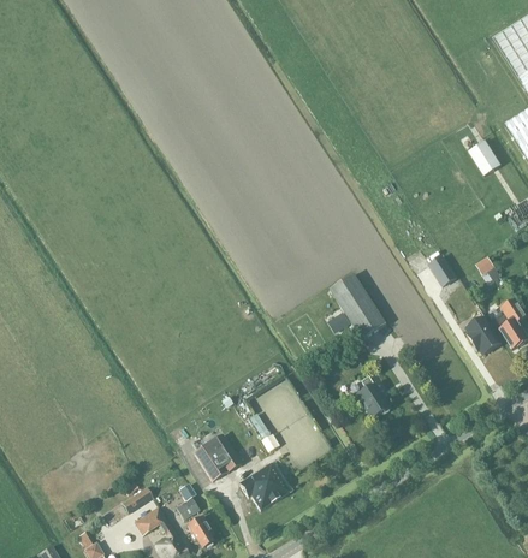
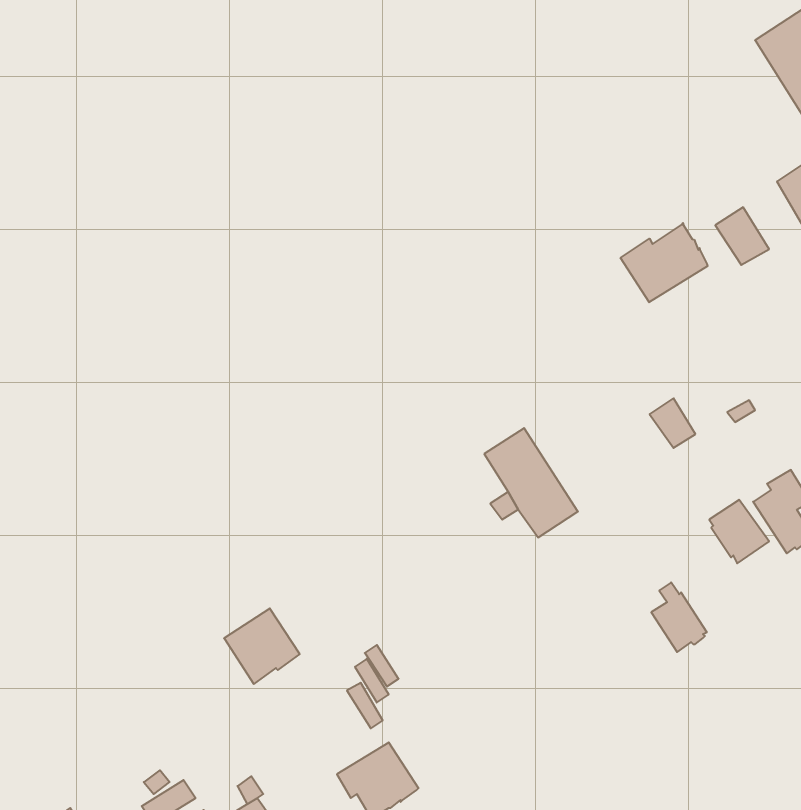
building: none -> [621,223,708,302]
building: [356,376,390,419] -> [651,582,707,652]
building: [195,434,241,480] -> [224,608,300,684]

